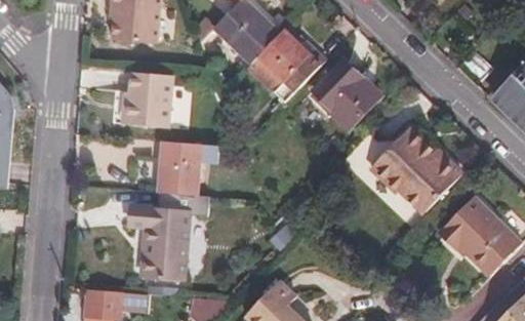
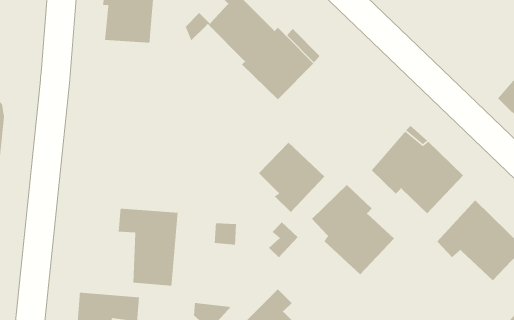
building: [313,58,378,128] -> [258,142,325,213]
building: [126,70,172,125] -> none
building: [153,138,195,195] -> none
building: none -> [311,184,395,275]

